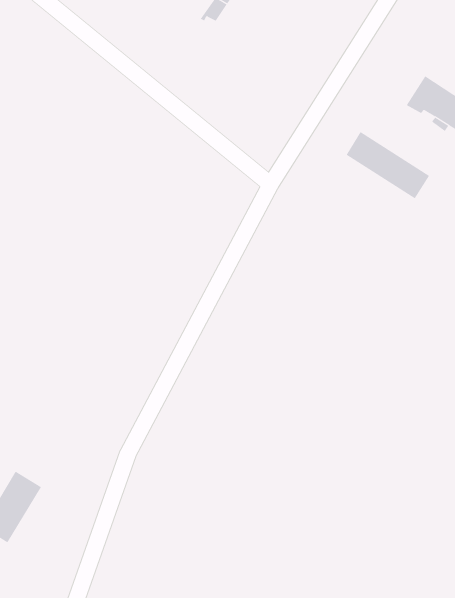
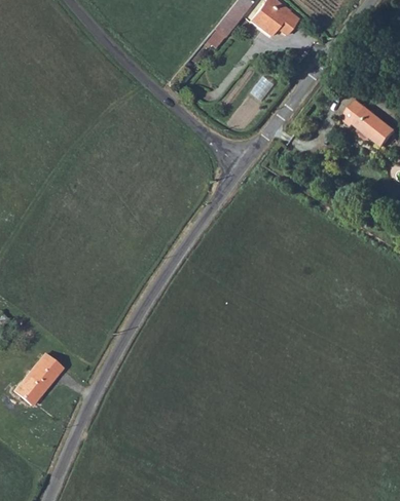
building: [346,131,430,199] -> none

